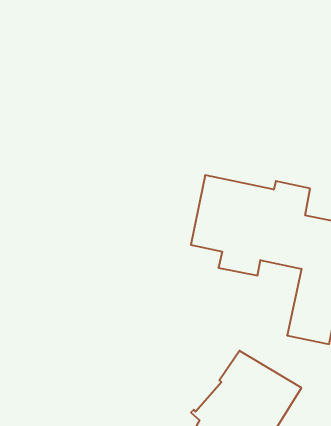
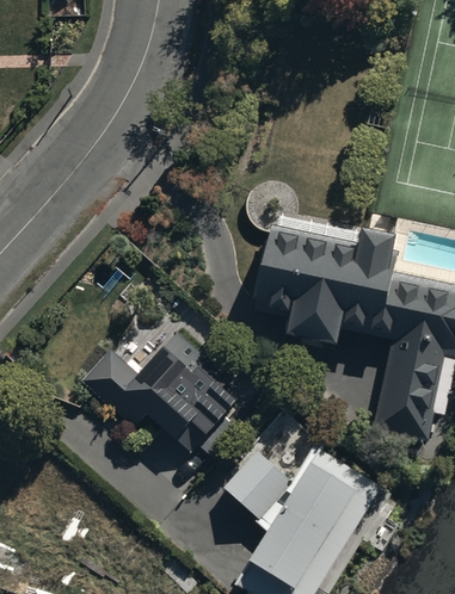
building: none -> [76,326,235,447]
building: none -> [222,448,291,518]

